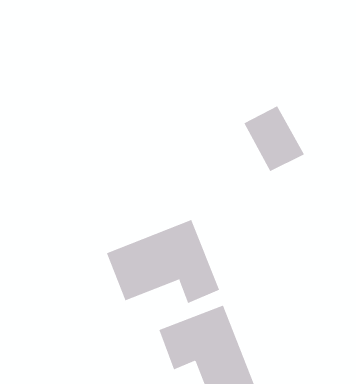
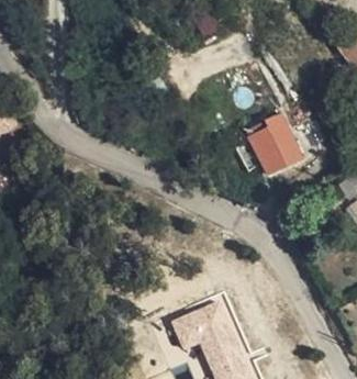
building: [106,219,220,304] -> none

